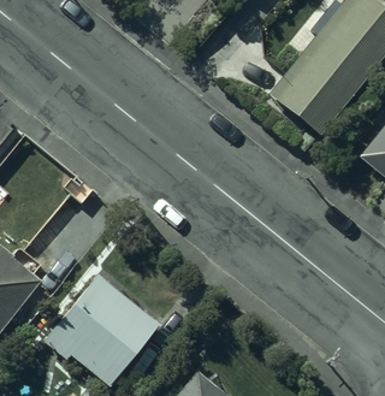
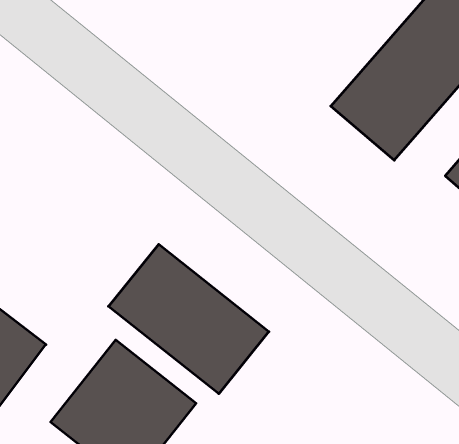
building: none -> [108,244,269,394]

